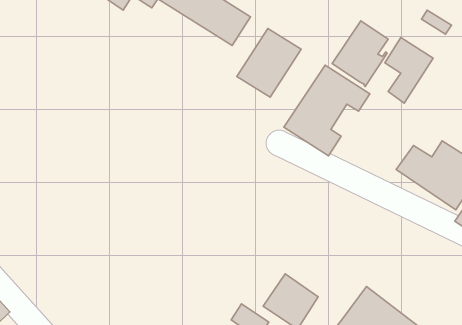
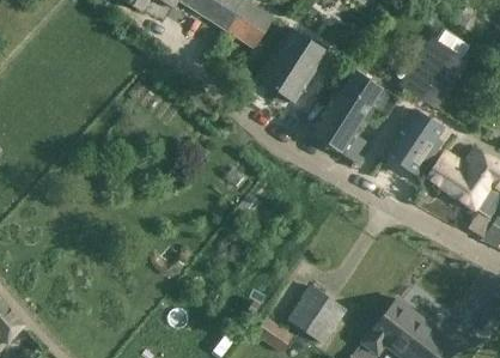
building: [332,21,388,86] -> [384,109,443,177]

